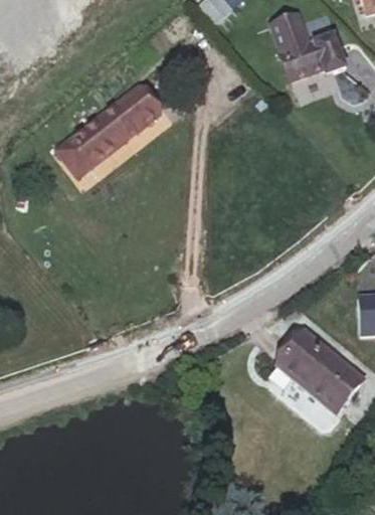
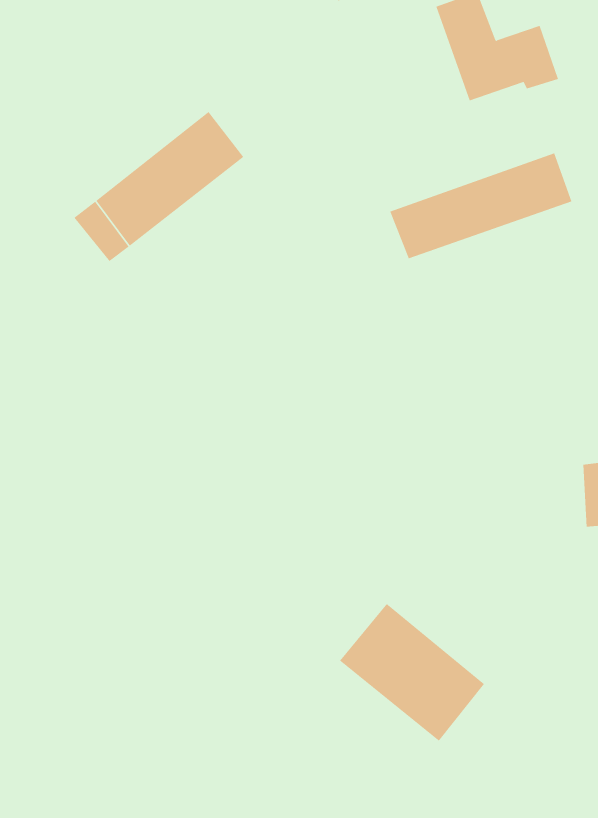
building: none -> [390,152,572,259]
building: [277,330,364,412] -> [339,603,485,742]

